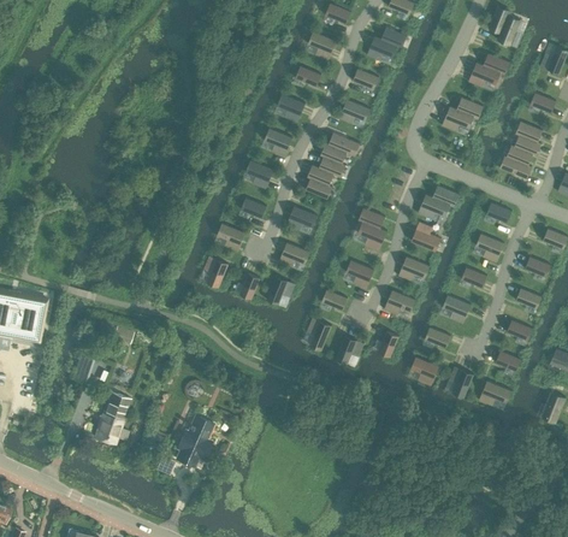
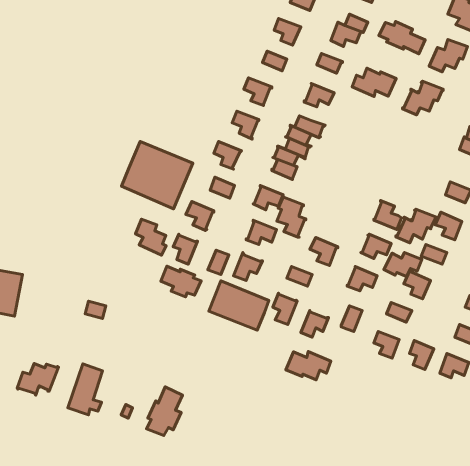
building: none -> [379,22,425,54]
building: none -> [352,68,396,97]
building: none -> [122,141,193,209]
building: [418,184,460,219] -> [396,209,437,243]
building: [357,207,387,249] -> [277,197,306,237]
building: none -> [136,219,166,255]
building: none -> [384,252,422,276]
building: none -> [161,266,201,297]
building: none -> [209,281,269,330]
building: none -> [286,352,331,380]
building: none -> [17,364,58,395]

